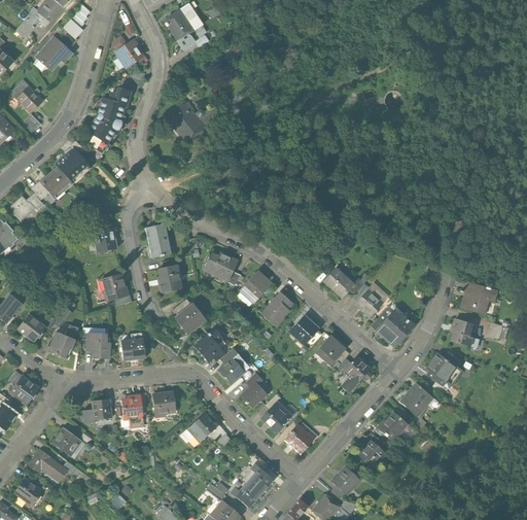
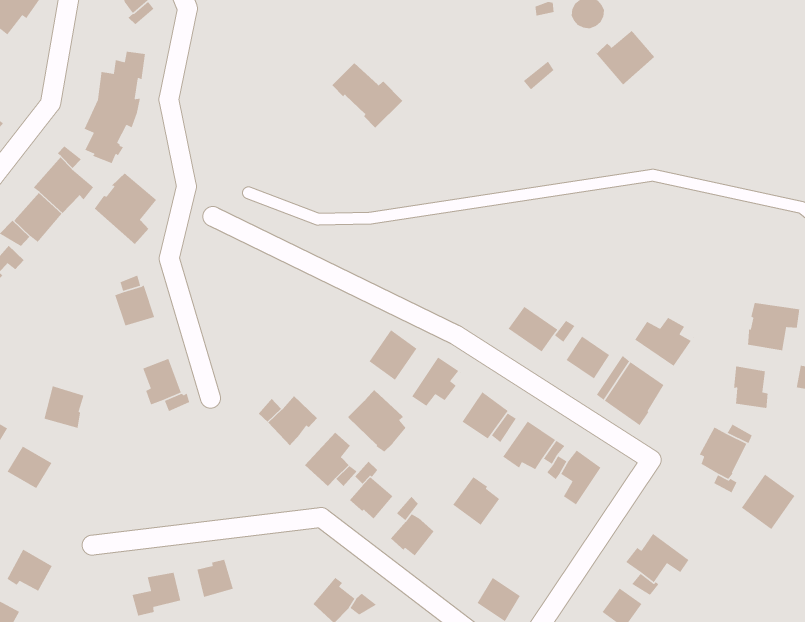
building: [165,101,206,144] -> [331,57,403,129]
building: none -> [595,30,655,86]
building: none -> [94,172,157,245]
building: [145,224,171,257] -> none
building: [204,252,237,278] -> none
building: [157,265,180,293] -> none
building: none -> [634,317,695,367]
building: none -> [346,389,406,452]
building: [48,331,74,358] -> [44,385,84,429]
building: [89,334,110,358] -> none
building: [121,334,145,360] -> none
building: [400,382,433,416] -> [741,473,795,530]
building: [152,391,175,413] -> none
building: [260,403,289,432] -> [452,476,500,526]

